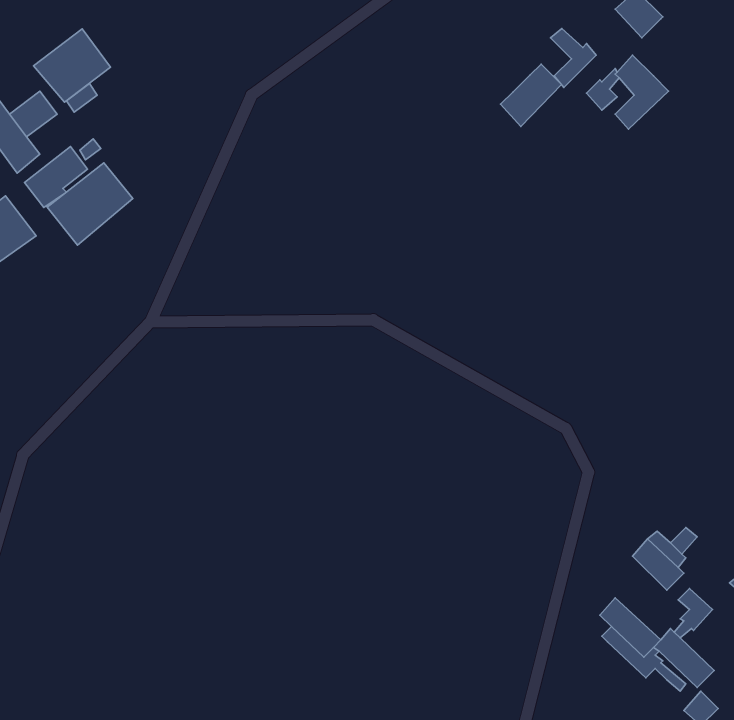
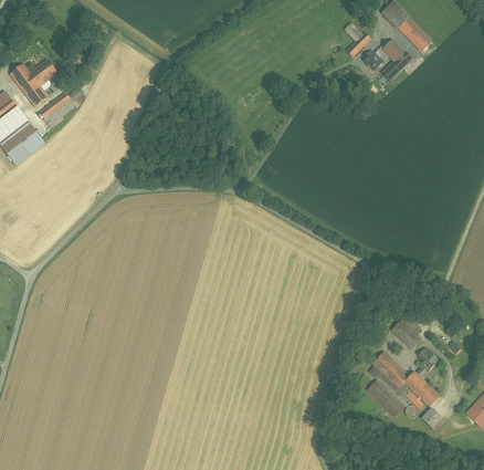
building: none -> [397,17,431,51]
building: [33,29,111,102] -> none
building: [500,64,561,126] -> none
building: [47,163,133,245] -> none
building: none -> [367,378,411,416]

